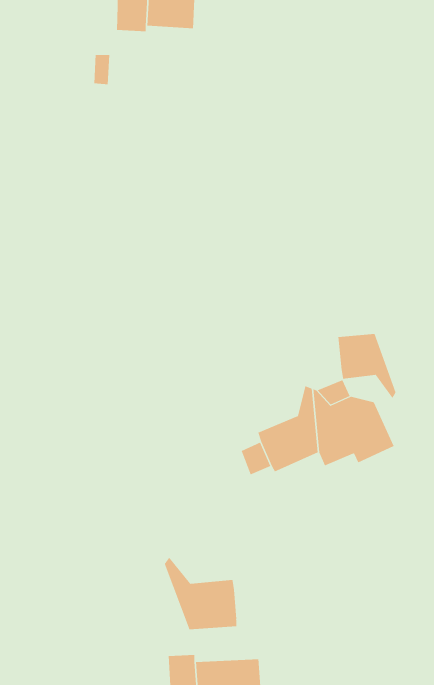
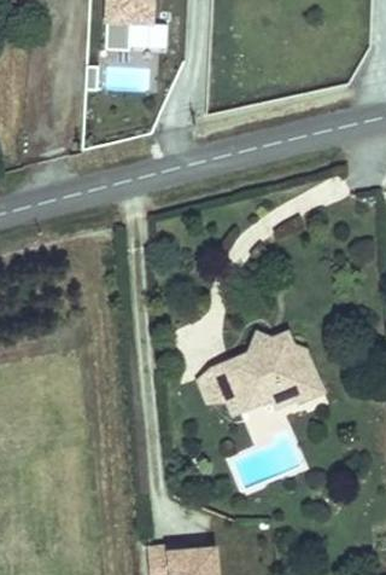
building: [338,333,396,399] -> none
building: [164,557,237,630] -> none

